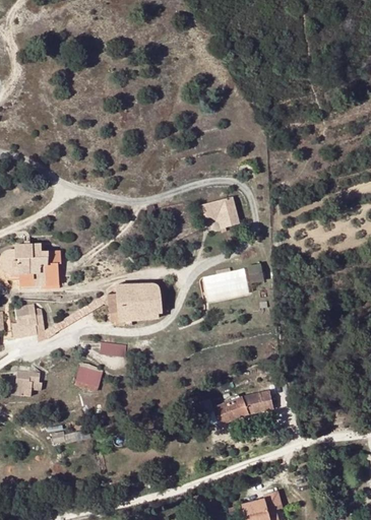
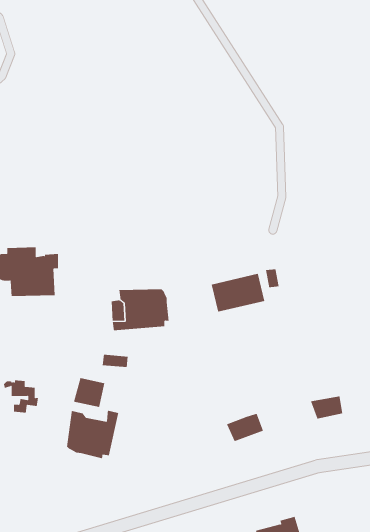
building: [201,198,238,228] -> none
building: [11,305,44,334] -> none
building: [242,392,272,413] -> [310,396,343,419]
building: none -> [67,410,119,459]

